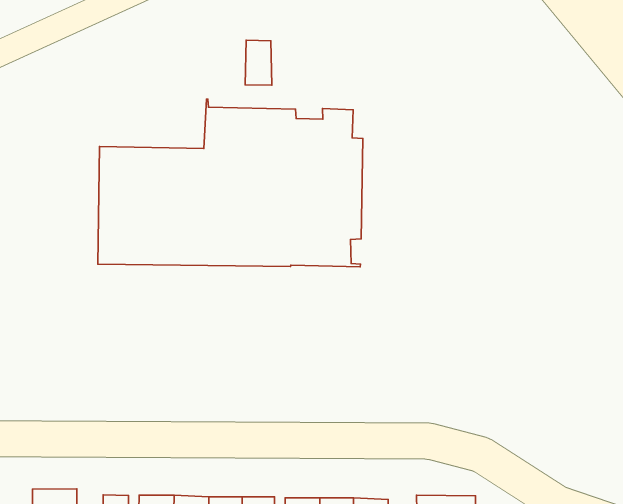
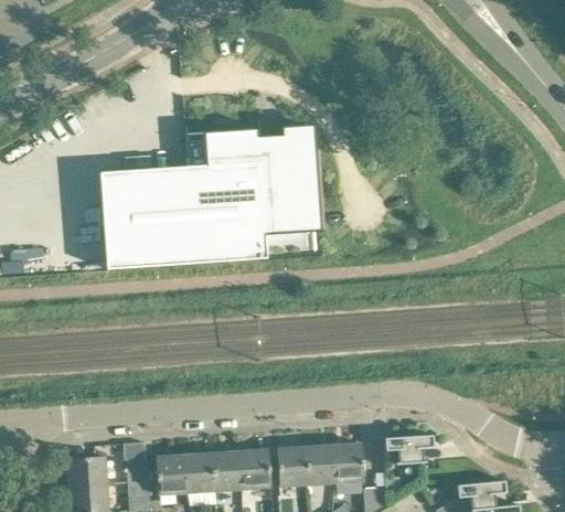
building: [245,40,272,85] -> none

